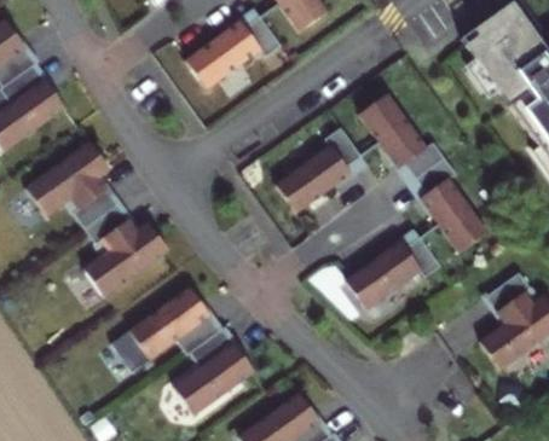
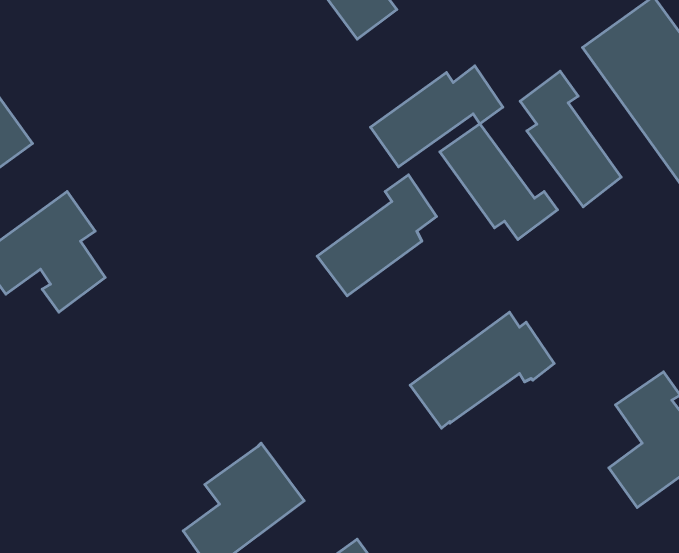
building: [183,14,279,88] -> [370,66,503,167]
building: [415,156,489,255] -> [520,71,621,207]
building: [80,205,166,300] -> none
building: [117,284,225,367] -> none

